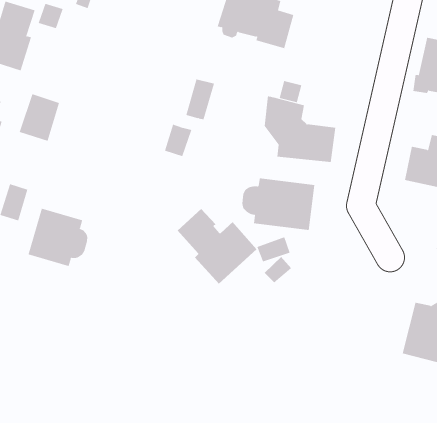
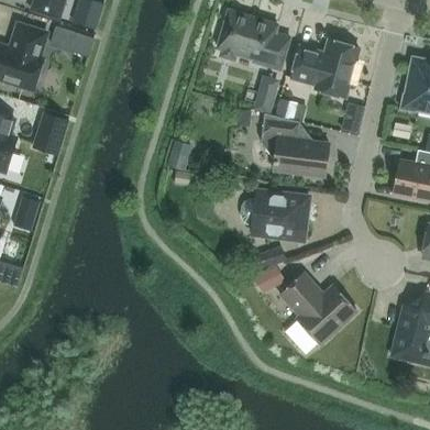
building: none -> [291,38,359,97]
building: [185,79,215,120] -> [252,76,279,114]
building: [28,208,88,267] -> none
building: [177,208,258,284] -> [280,273,356,344]

